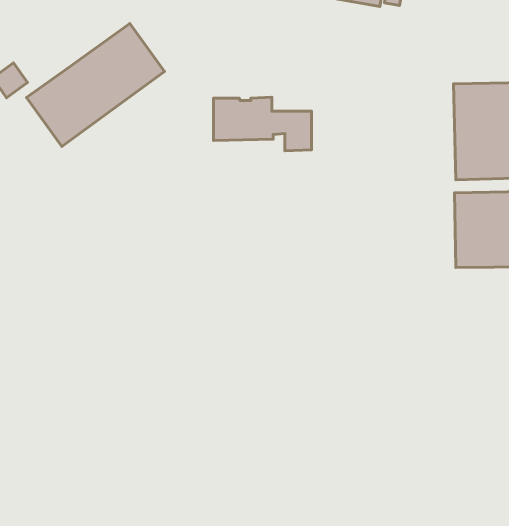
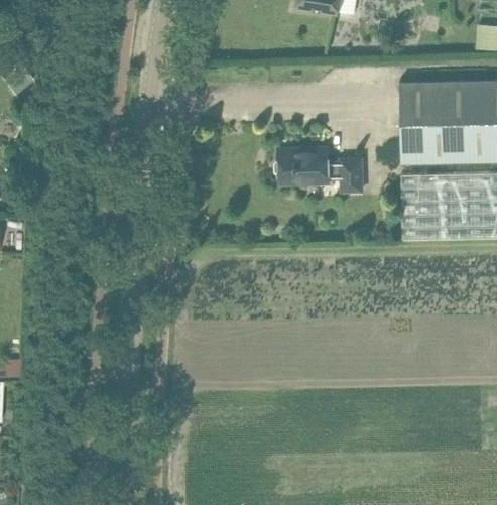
building: [27,23,165,146] -> none
building: [213,97,312,151] -> [278,148,363,195]

